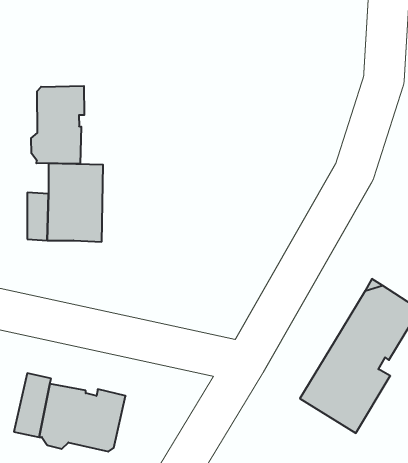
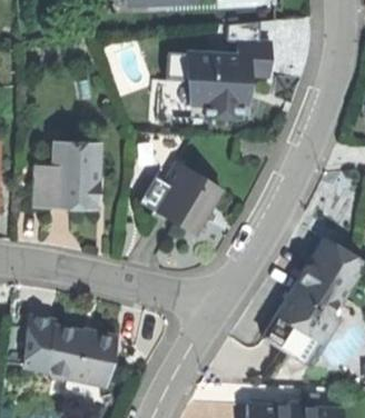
building: none -> [175,41,272,118]
building: [31,86,84,164] -> none
building: none -> [158,163,223,235]

